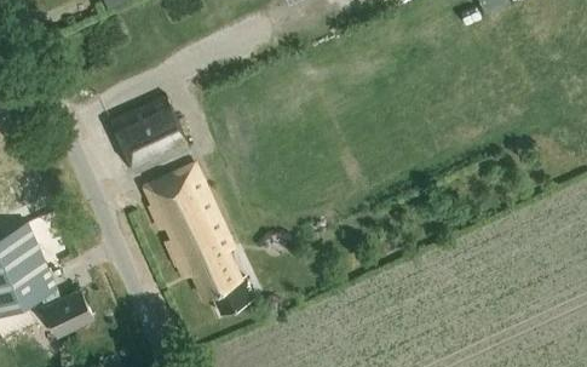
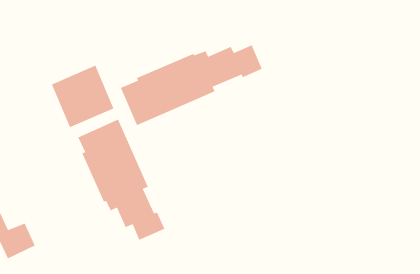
building: none -> [120,44,263,126]

